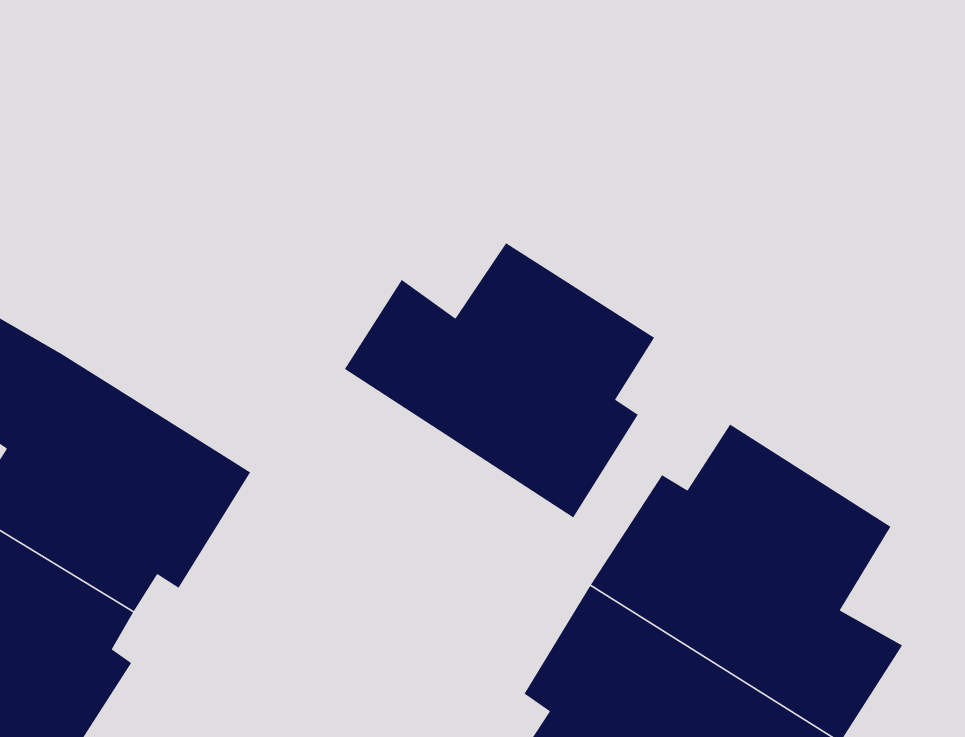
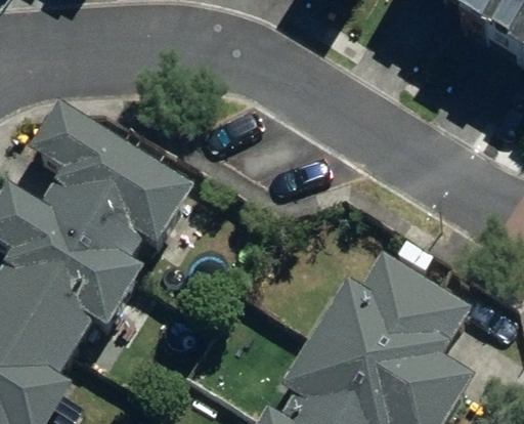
building: none -> [23,115,183,272]
building: [344,242,655,519] -> none

